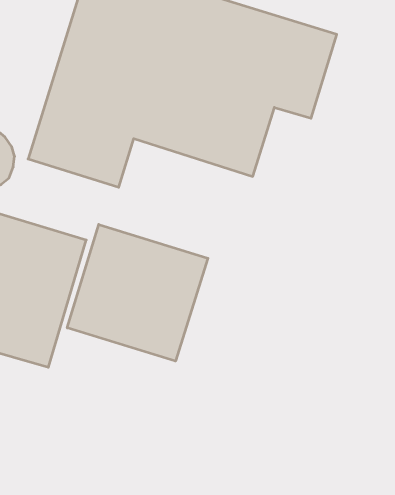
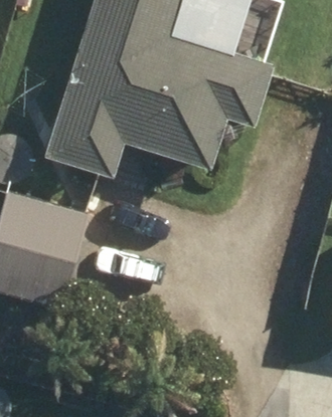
building: [67,224,208,361] -> none

